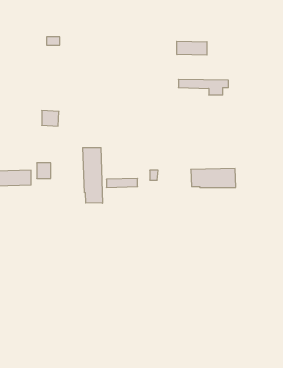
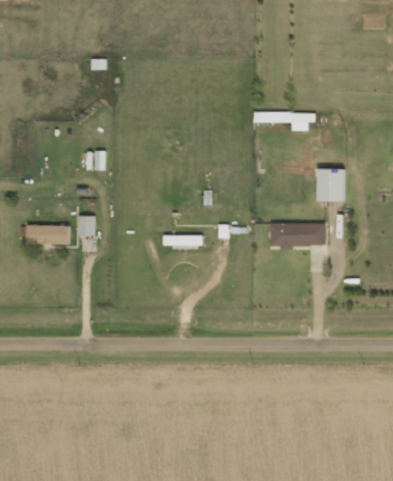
building: [177,41,207,55] -> none
building: none -> [315,168,347,201]
building: [83,148,102,203] -> none

